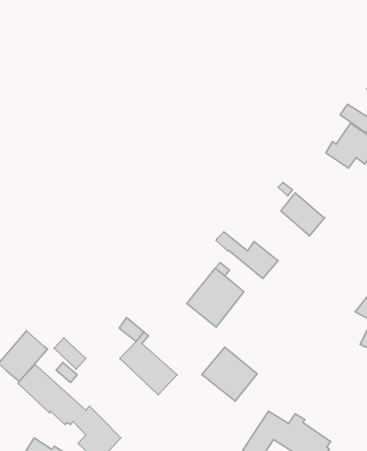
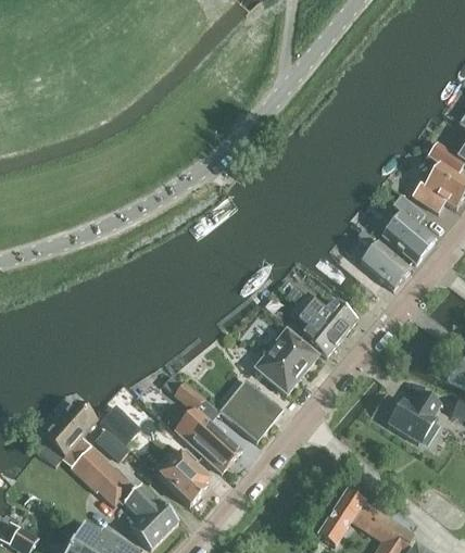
building: none -> [380,194,436,263]
building: none -> [289,304,340,356]
building: none -> [388,393,440,442]
building: [202,347,257,401] -> [219,379,282,441]
building: none -> [159,450,209,506]

